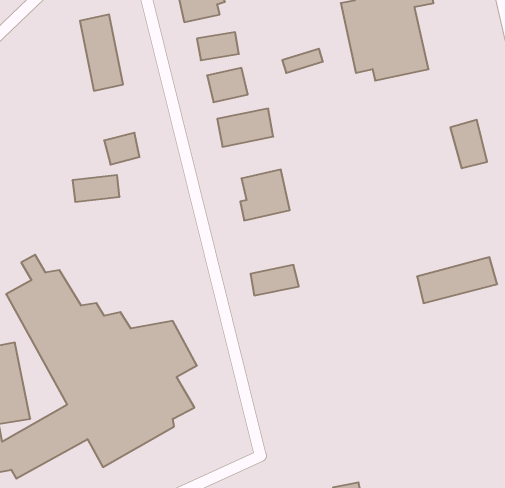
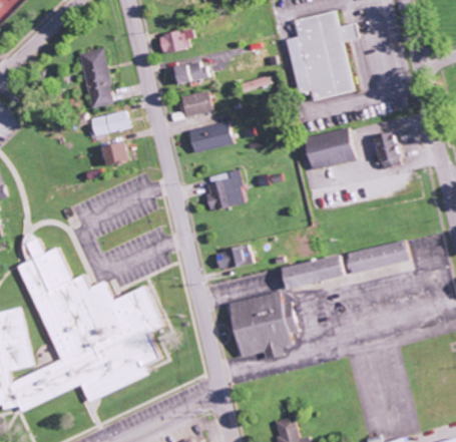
building: none -> [301,129,351,169]
building: [72,175,120,202] -> [88,113,125,134]
building: none -> [277,257,339,288]
building: none -> [225,294,294,360]

